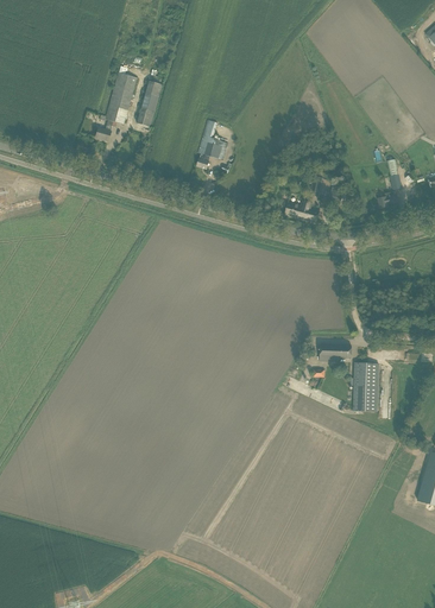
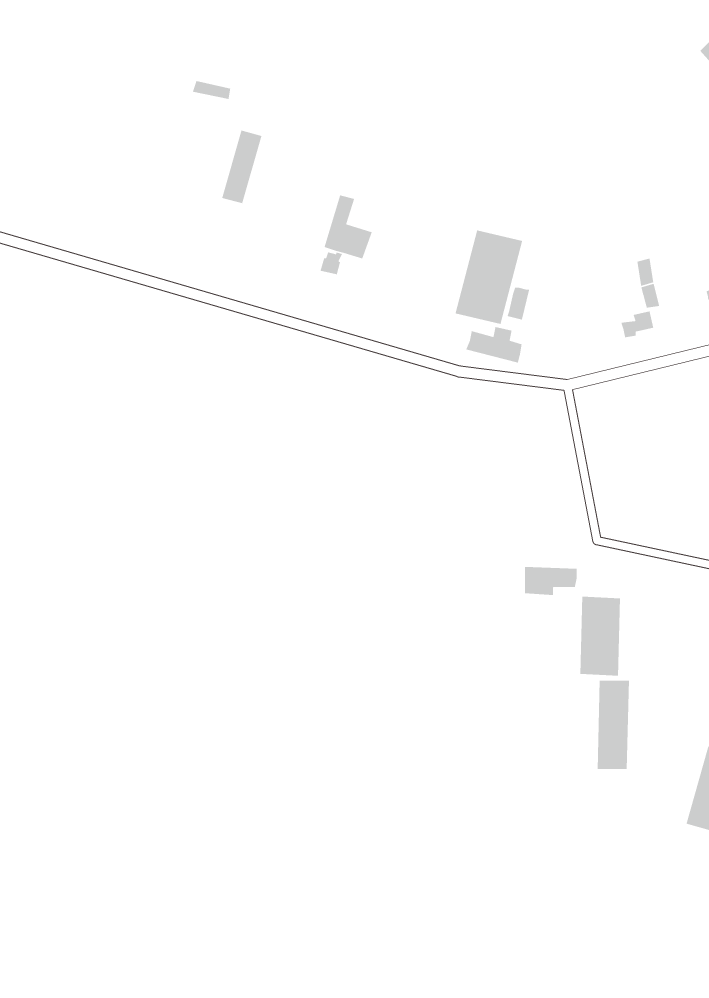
building: [95,72,137,140] -> none
building: none -> [455,230,523,325]
building: none -> [597,680,630,770]

